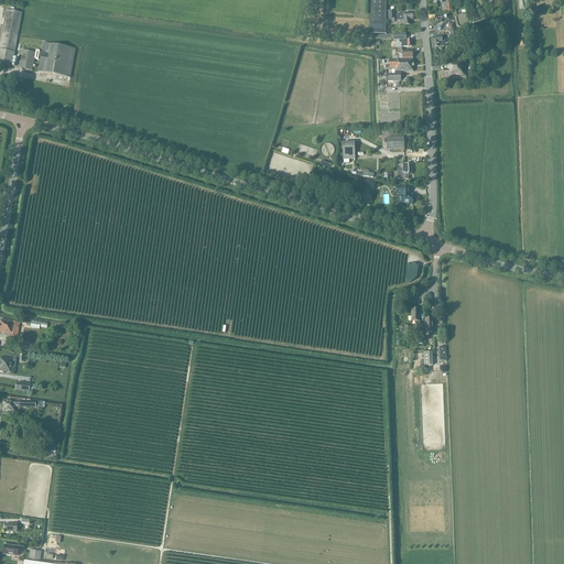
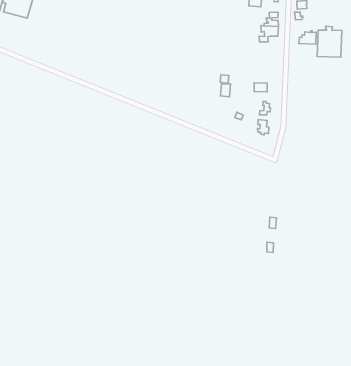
building: none -> [317,26,342,57]

